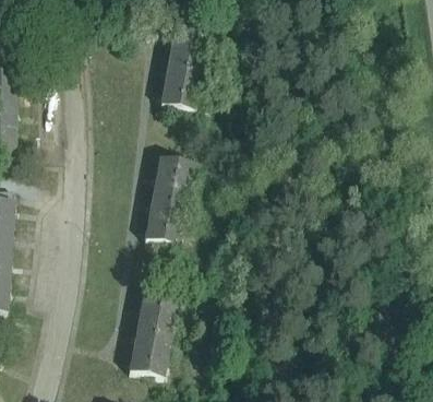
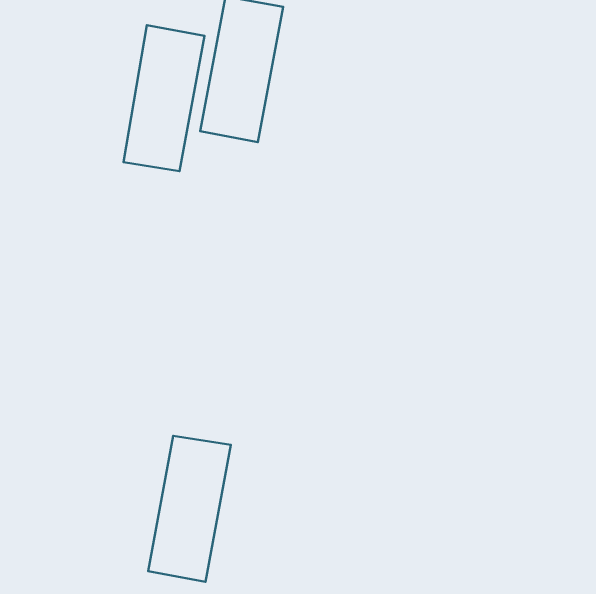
building: [145,154,194,243] -> [124,25,205,171]

